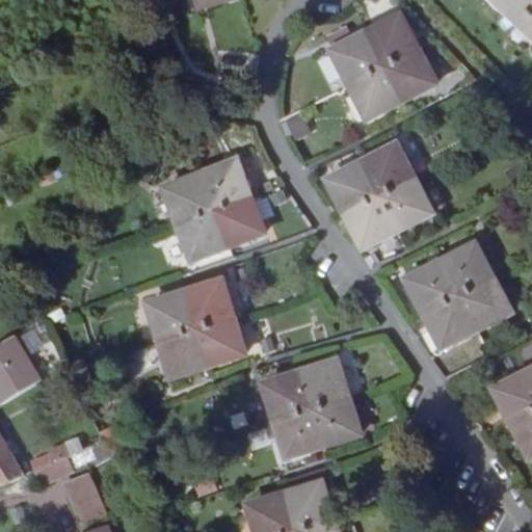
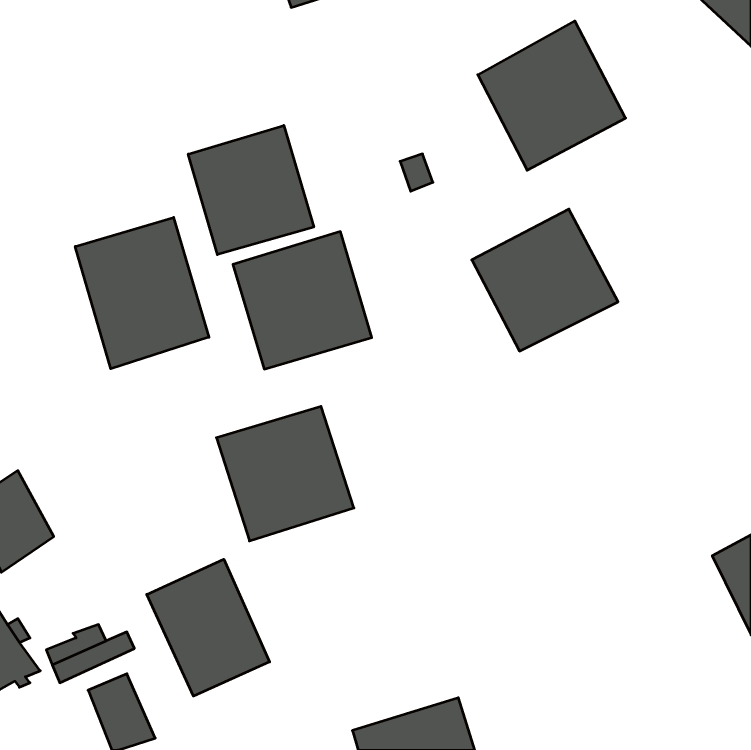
building: none -> [188,125,314,255]
building: none -> [75,217,209,369]
building: [405,243,509,347] -> none
building: [263,361,358,455] -> none
building: none -> [147,559,270,696]

